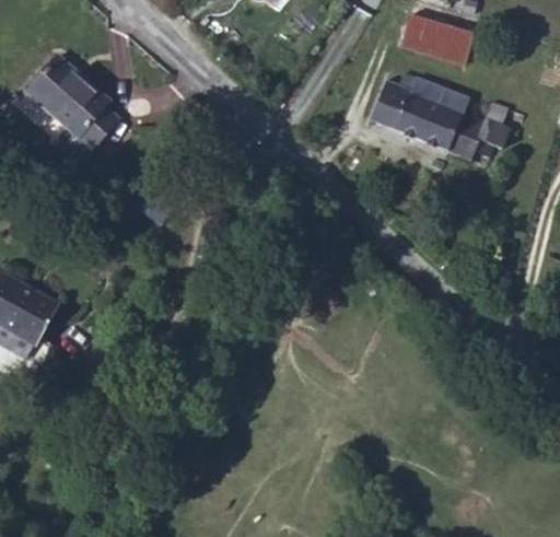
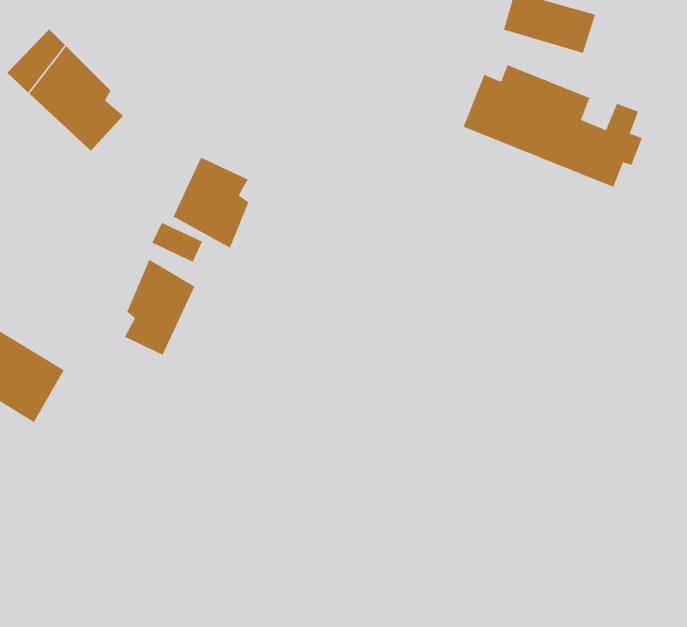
building: none -> [173,157,249,248]
building: none -> [124,259,195,355]

